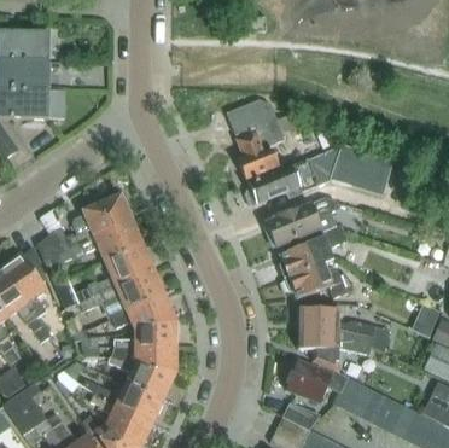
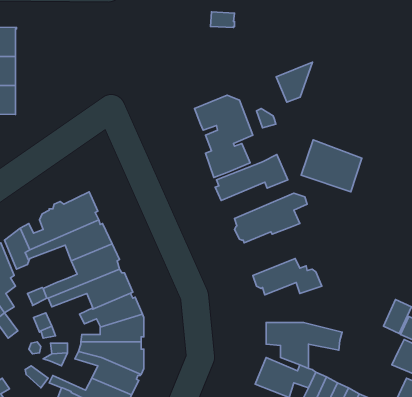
building: [309,144,345,184] -> [276,62,312,102]
building: [279,223,348,279] -> none
building: [298,308,390,350] -> none

